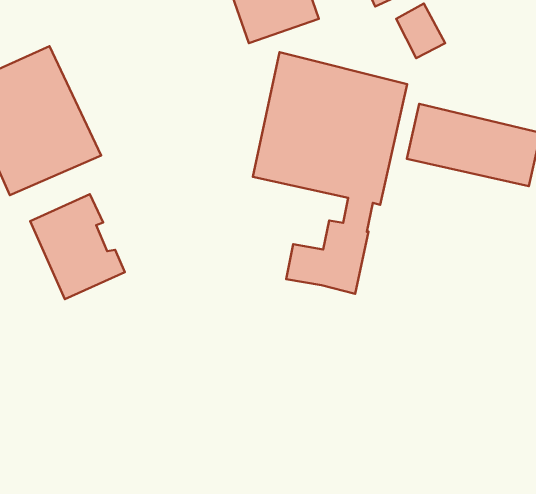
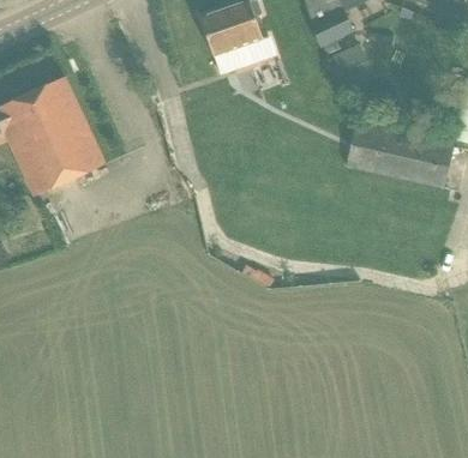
building: [253,52,407,294] -> none
building: [30,194,125,299] -> none

